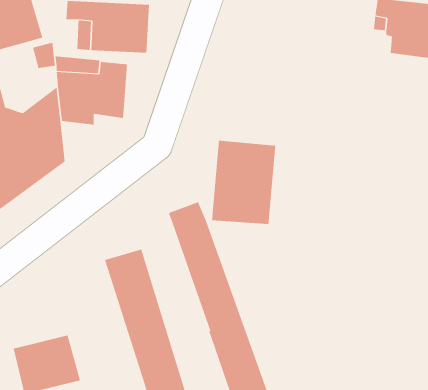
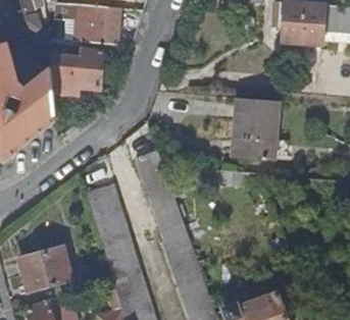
building: [211,140,276,225] -> [232,96,280,158]

